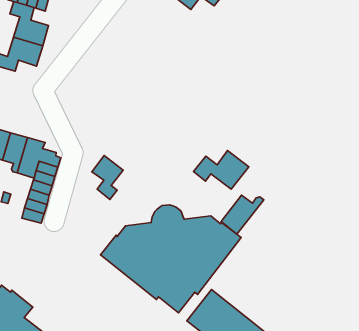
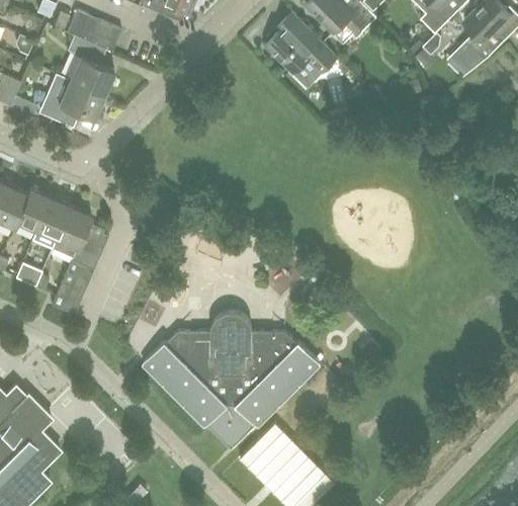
building: [193,151,249,189] -> none
building: [92,155,123,199] -> none
building: [221,195,264,234] -> none

